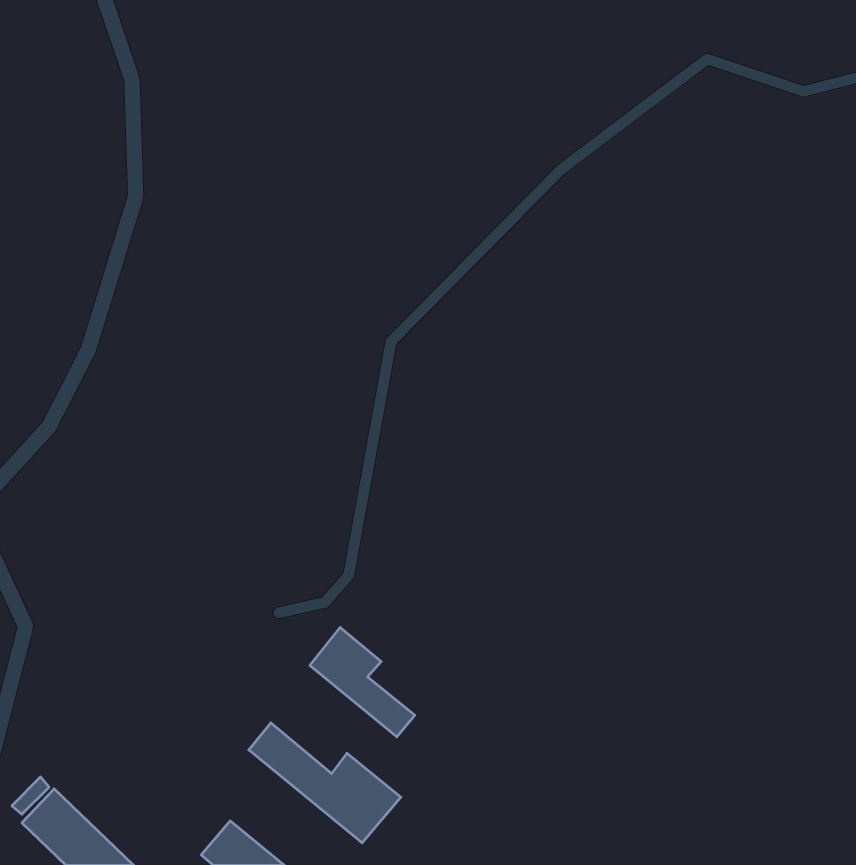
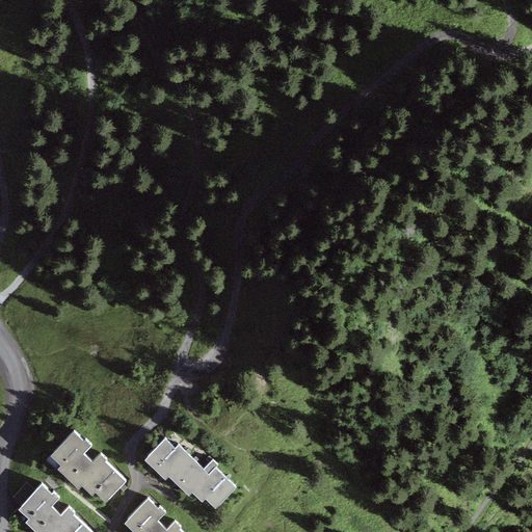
building: [310,627,415,737] -> none
building: none -> [50,437,121,506]

